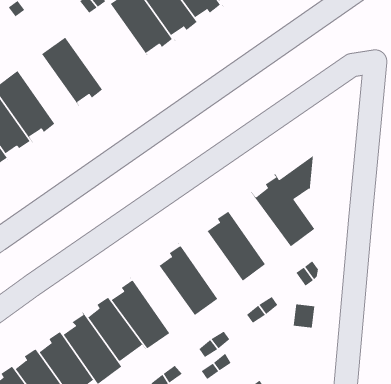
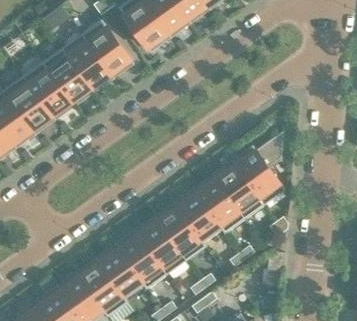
building: none -> [81,19,133,79]
building: none -> [42,48,93,107]
building: none -> [212,160,264,219]
building: none -> [173,187,225,247]
building: none -> [134,215,186,275]

